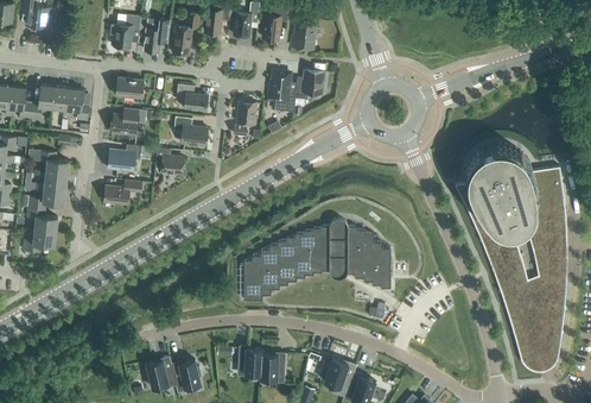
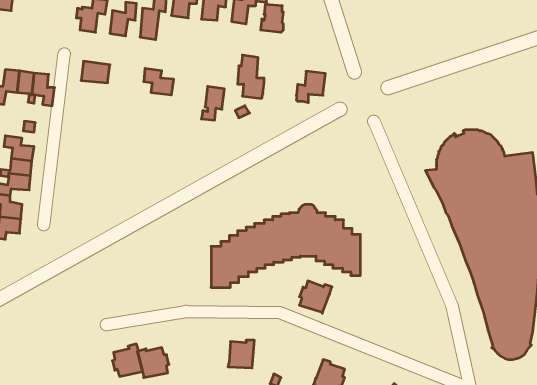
building: [296,69,324,100] -> [296,71,325,103]
building: [112,108,146,134] -> none
building: [173,115,208,145] -> none
building: [107,144,141,171] -> none
building: [155,147,184,174] -> none
building: [103,180,142,204] -> none
building: [237,345,262,373] -> none
building: [324,358,356,390] -> [299,281,332,313]

